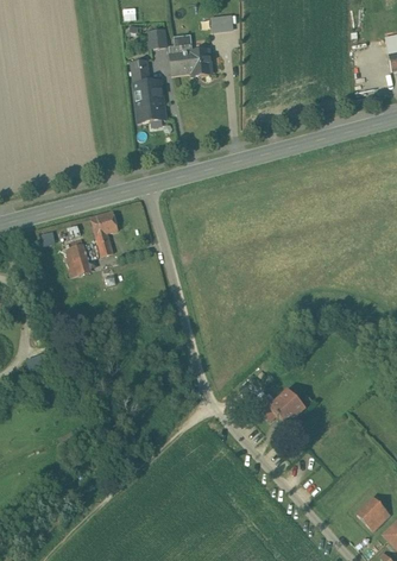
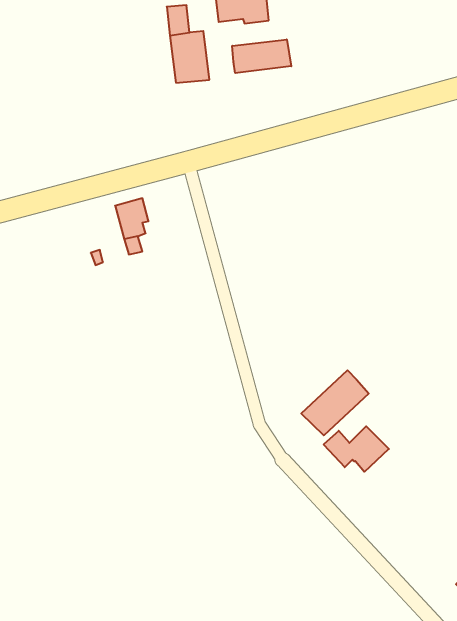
building: none -> [232,39,291,73]
building: none -> [301,370,369,435]

